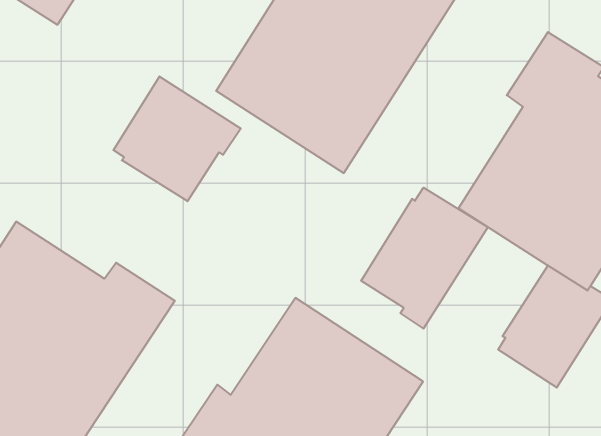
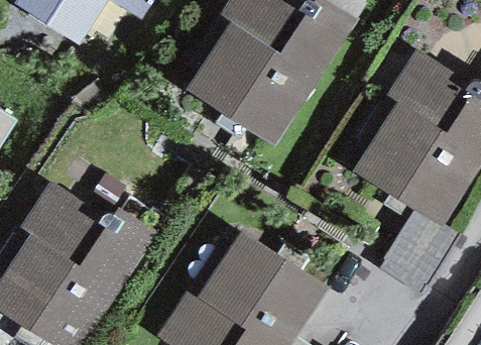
building: [113,76,241,201] -> none
building: [361,188,488,329] -> none

